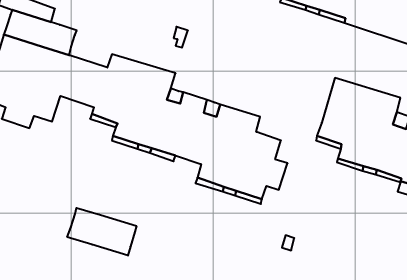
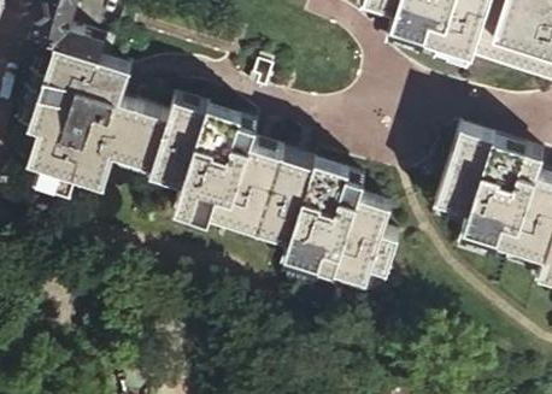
building: [67,208,136,256] -> none

